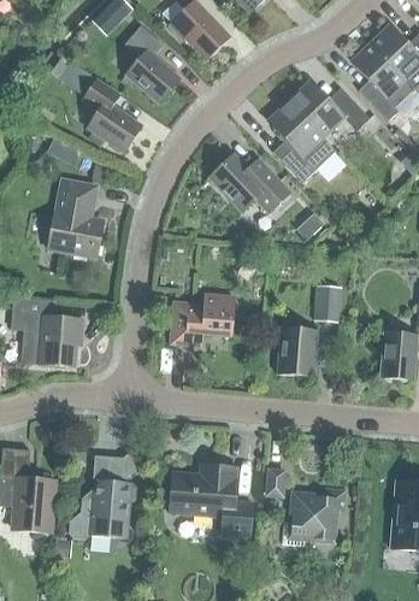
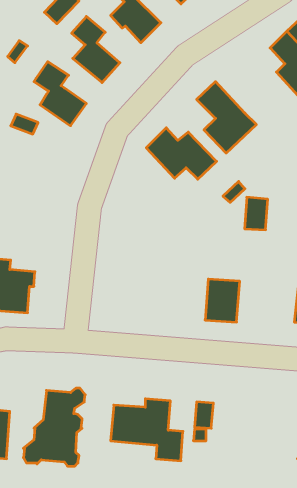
building: [289,81,370,136] -> none
building: [48,179,102,255] -> none
building: [314,283,341,320] -> [245,197,268,230]
building: [171,294,234,344] -> none
building: [281,487,346,544] -> none

